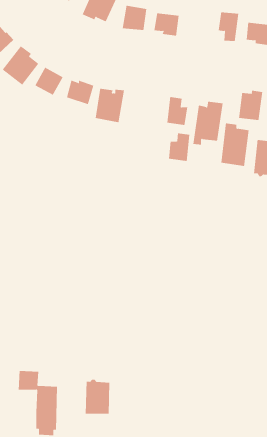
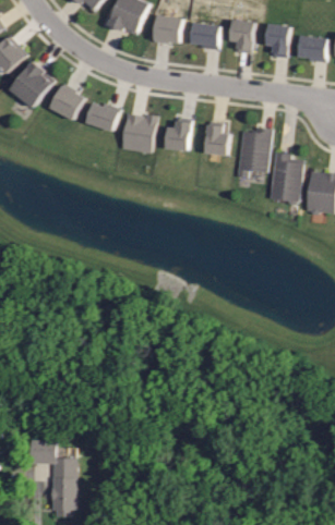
building: none -> [229,19,254,52]
building: [239,90,263,121] -> none
building: [168,133,190,162] -> [165,117,191,150]
building: [85,379,110,414] -> none

